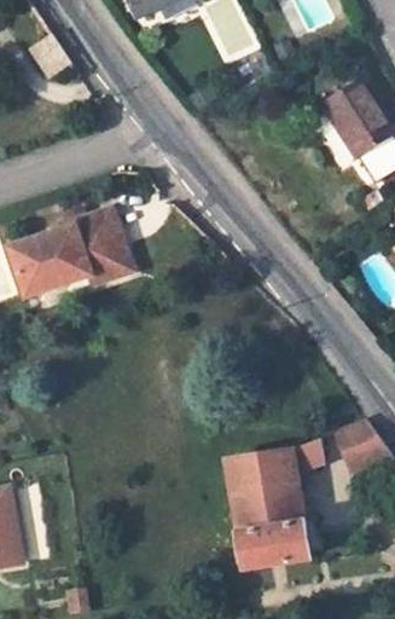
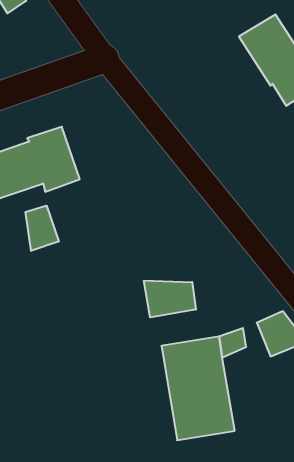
building: none -> [26,206,59,251]
building: none -> [144,281,196,317]

